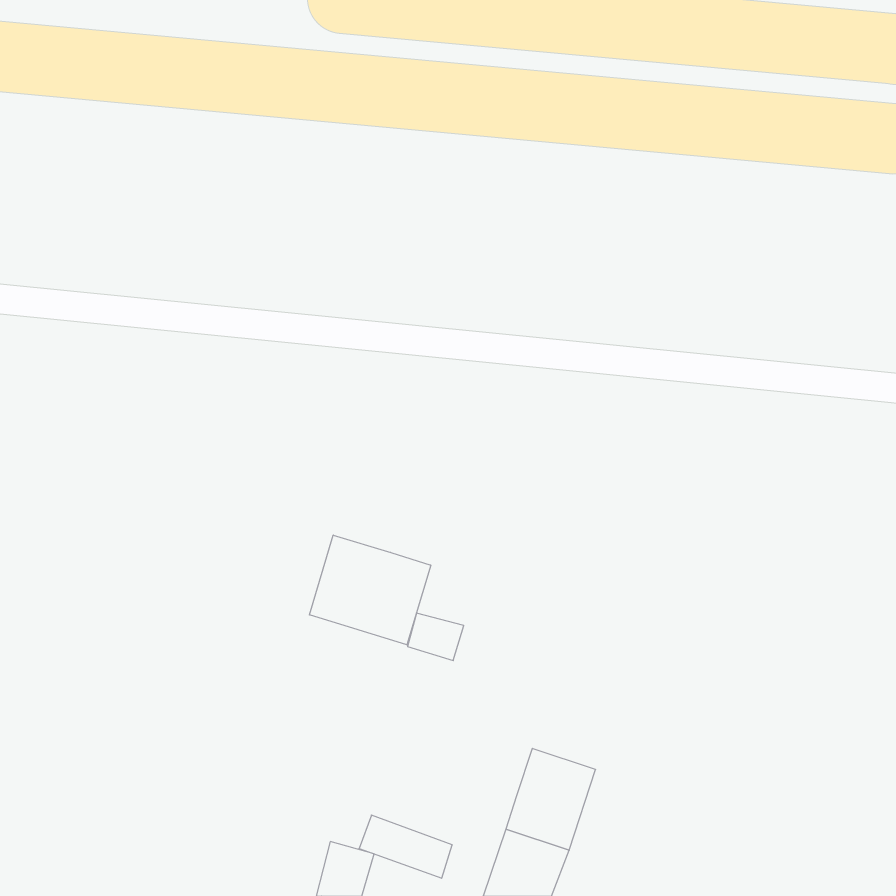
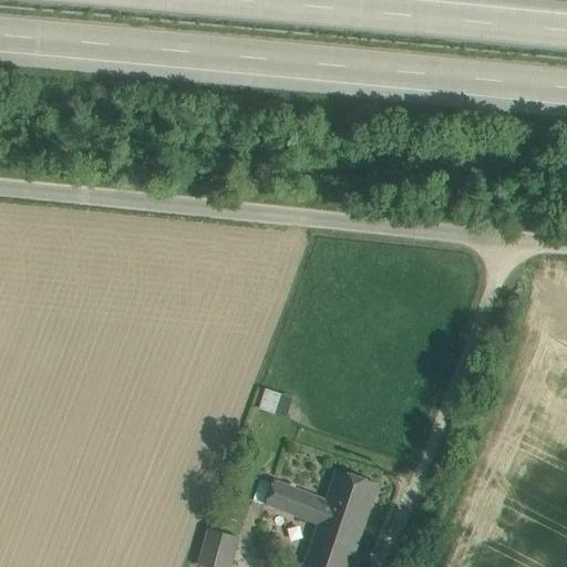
building: [309,535,431,645] -> none
building: [359,815,452,878] -> [267,483,326,523]

